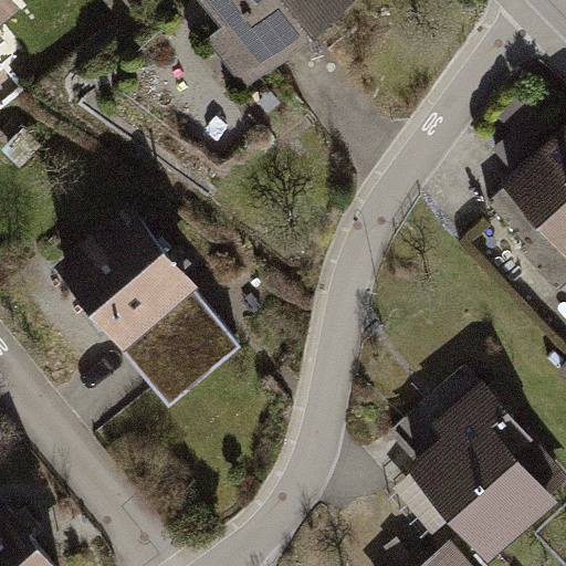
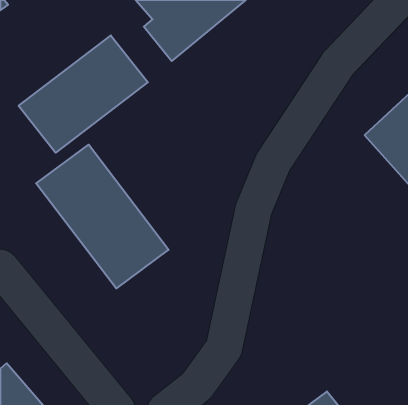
building: none -> [19,35,148,153]
building: [406,380,556,559] -> none

